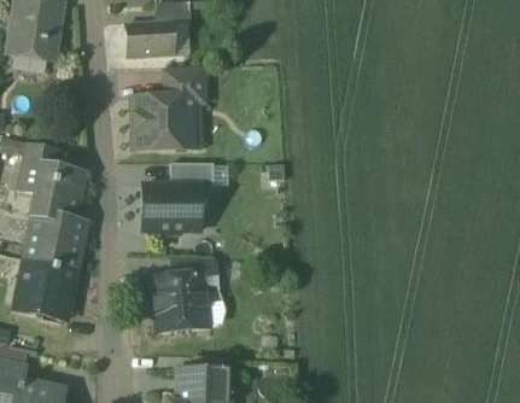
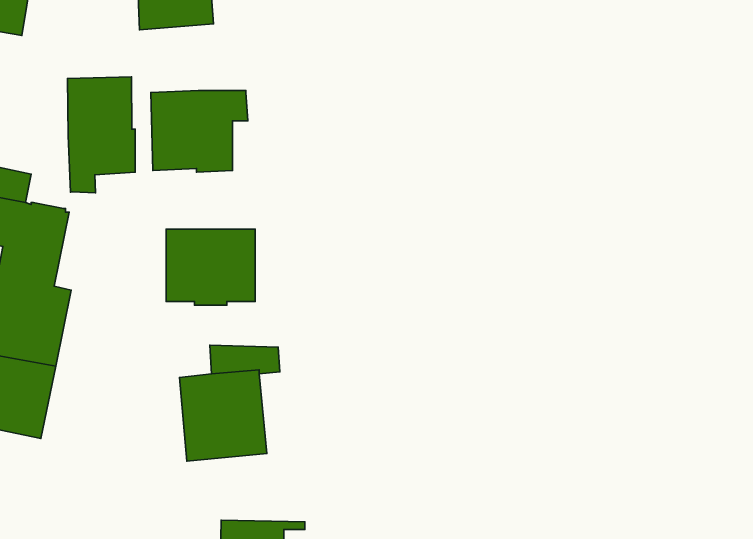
building: [164,66,205,97] -> none
building: none -> [68,77,135,193]
building: [170,162,214,191] -> none

